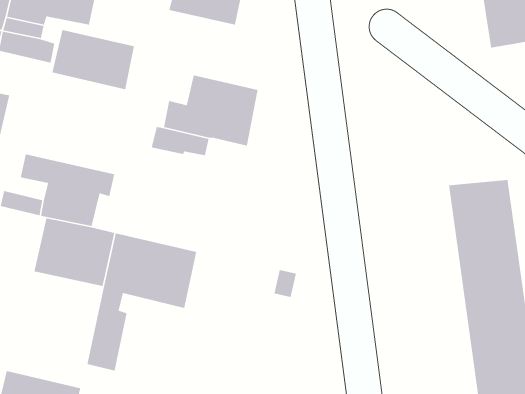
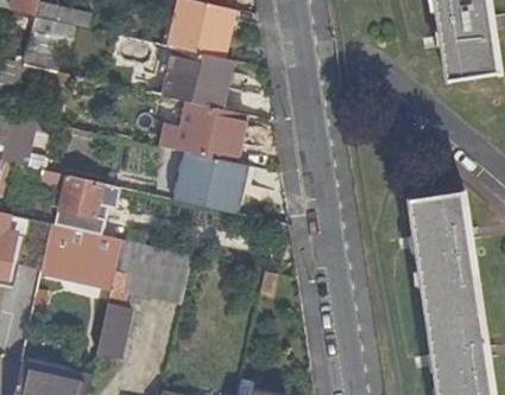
building: none -> [177,58,232,101]
building: [51,29,135,90] -> none
building: none -> [201,157,257,217]

